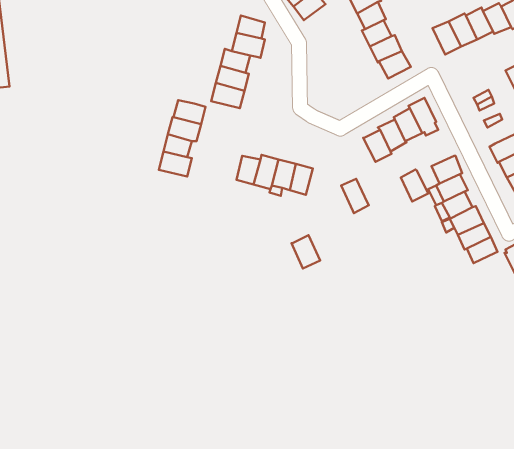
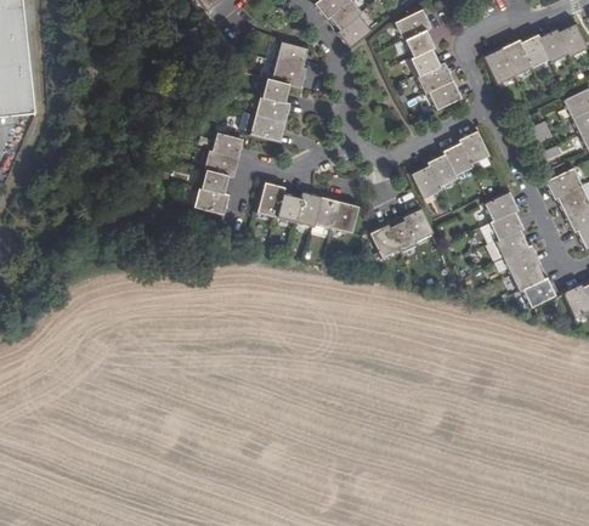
building: none -> [257,182,283,217]
building: [401,169,428,201] -> [403,208,432,242]
building: [291,235,320,268] -> [369,224,400,259]

